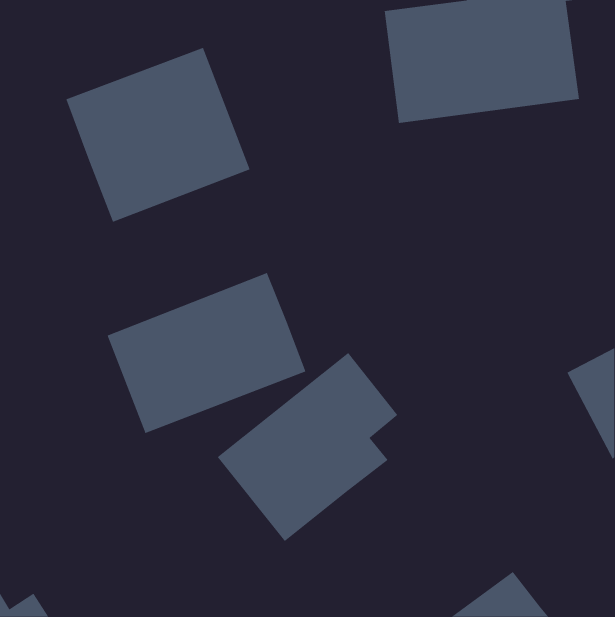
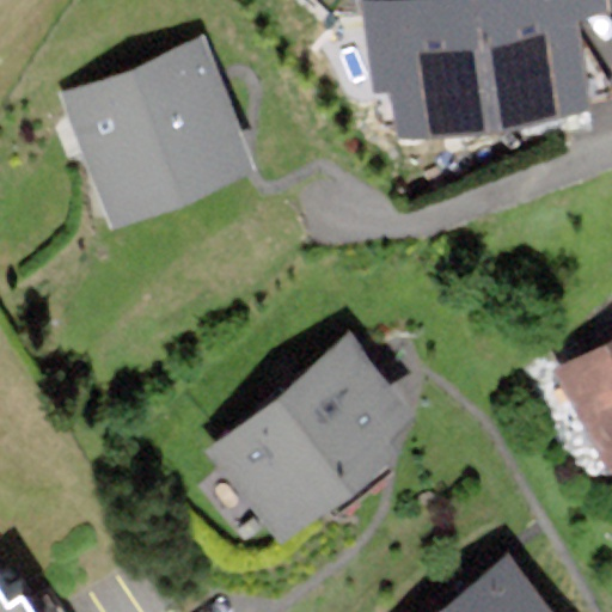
building: [107,272,306,434] -> none

